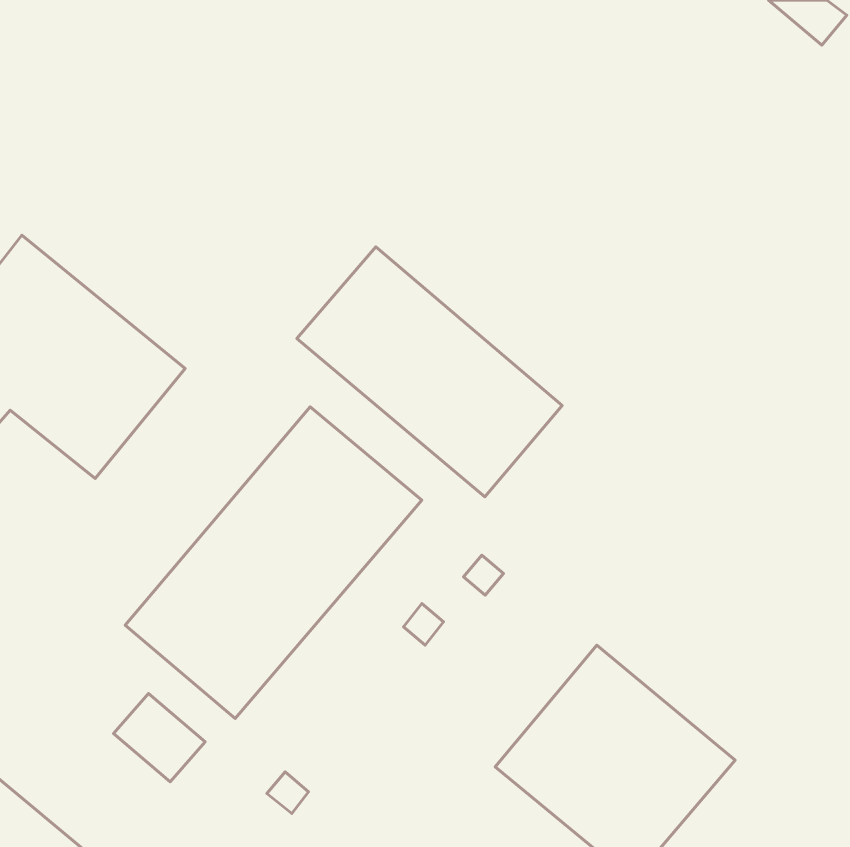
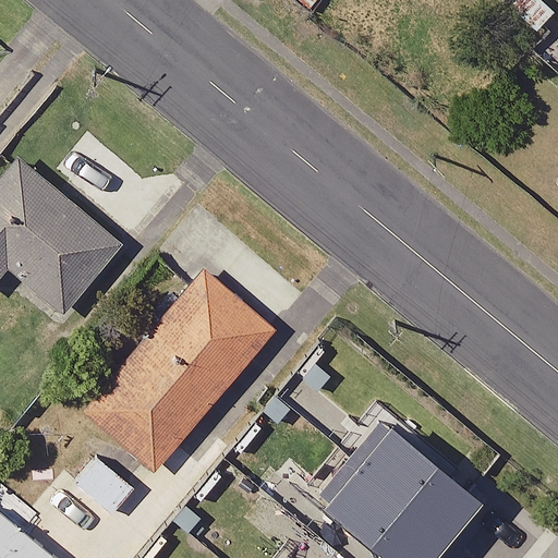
building: [297,247,562,497] -> none

